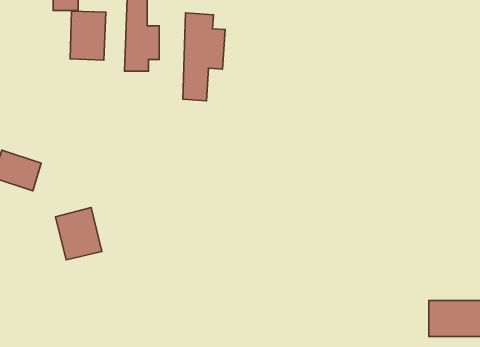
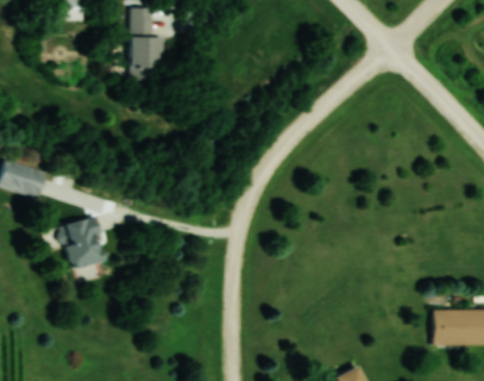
building: [70,11,106,60] -> none
building: [183,13,225,101] -> none

